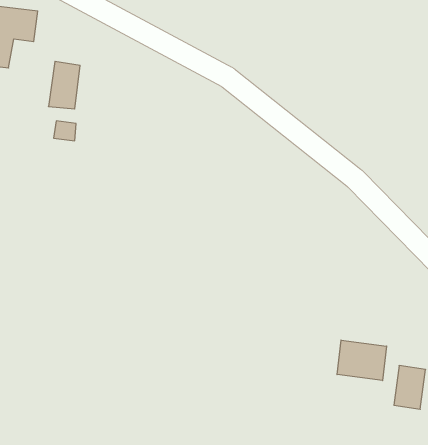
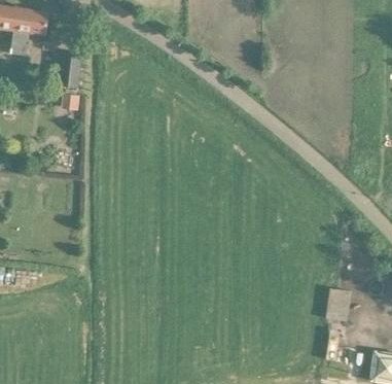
building: [337,340,387,381] -> none

